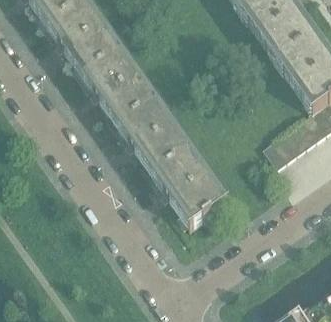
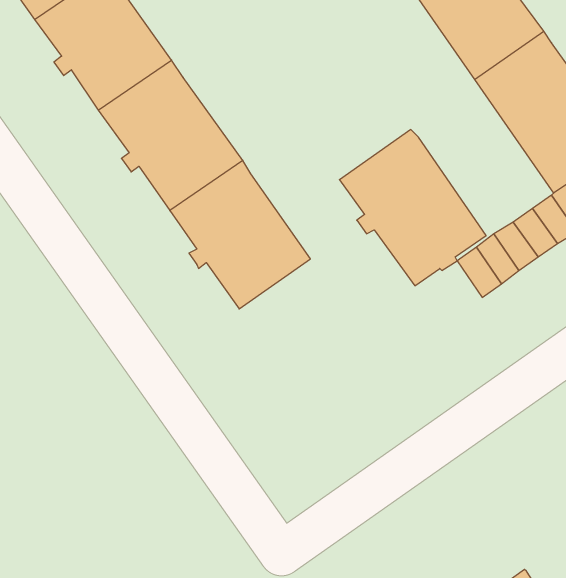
building: [151,145,227,226] -> [339,130,486,286]

